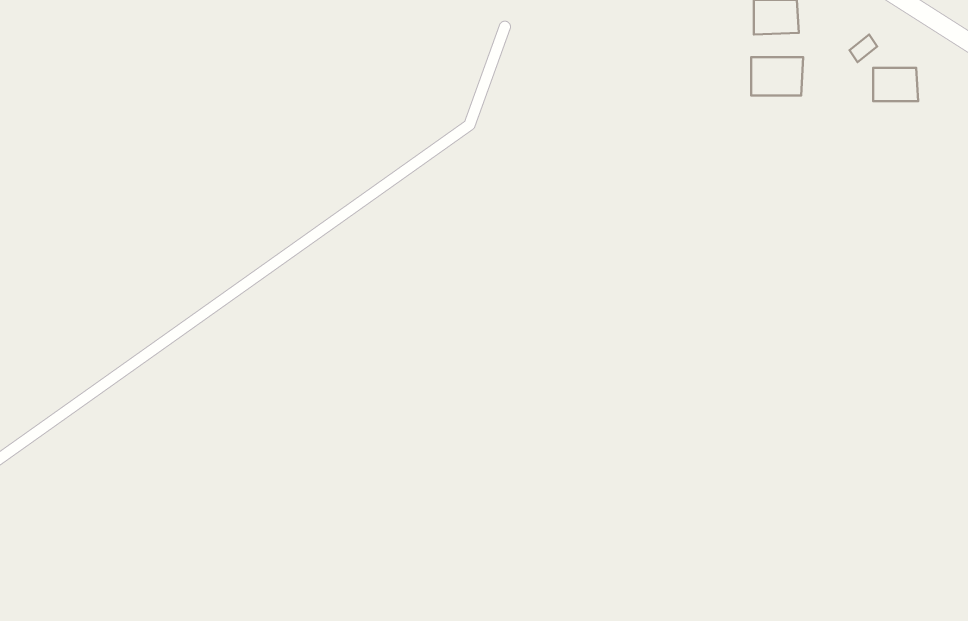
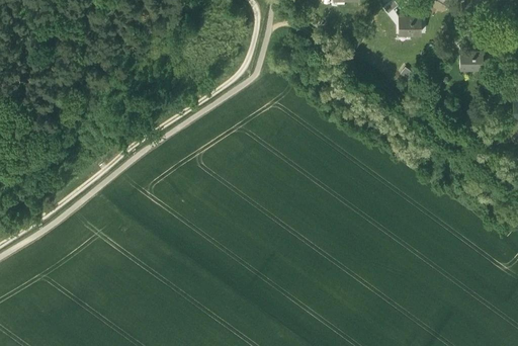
building: [751,57,803,95] -> none

